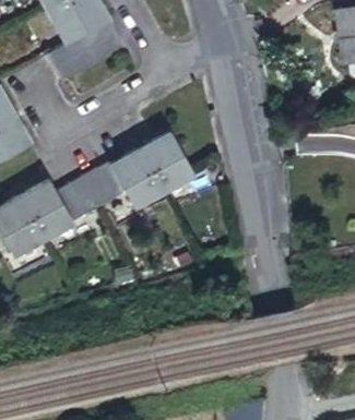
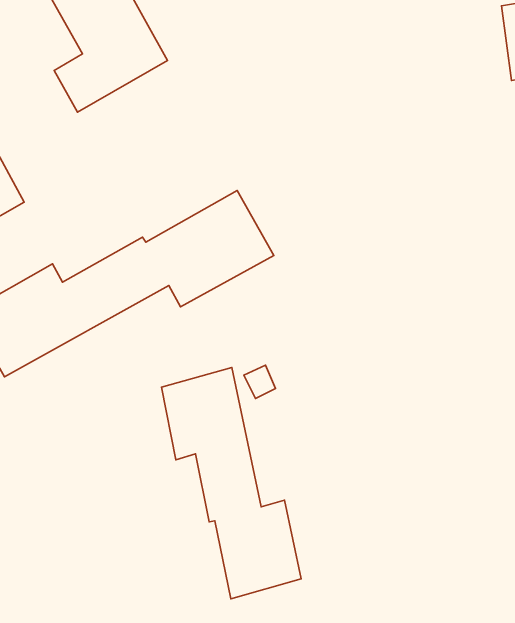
building: none -> [161,367,301,599]

